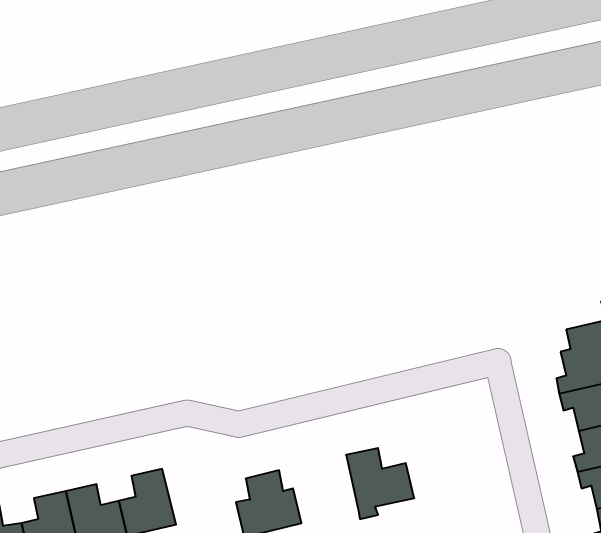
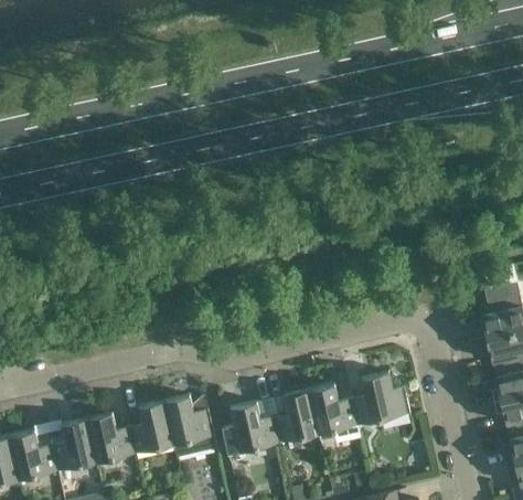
building: none -> [357,372,409,424]
building: none -> [268,390,320,444]
building: none -> [164,395,214,445]

